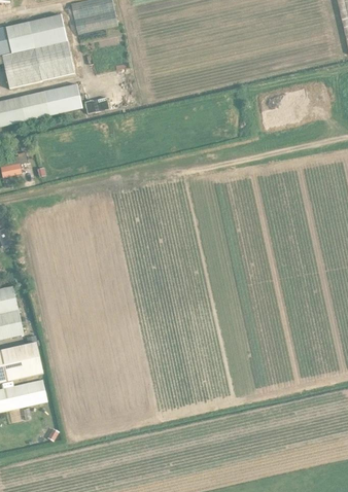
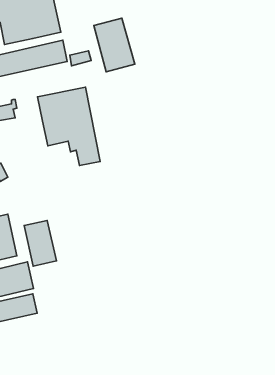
building: none -> [94,18,135,72]
building: none -> [38,87,100,165]
building: none -> [24,220,56,266]

